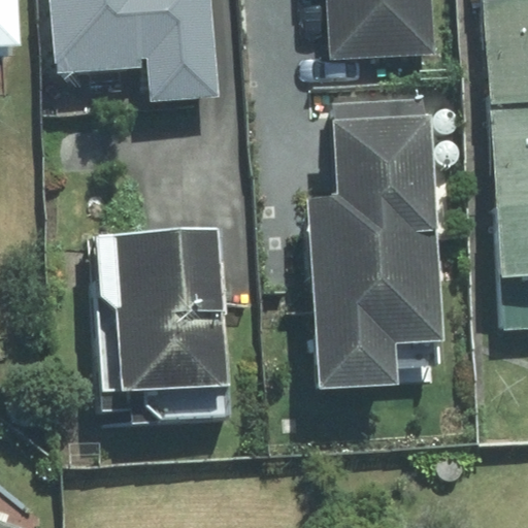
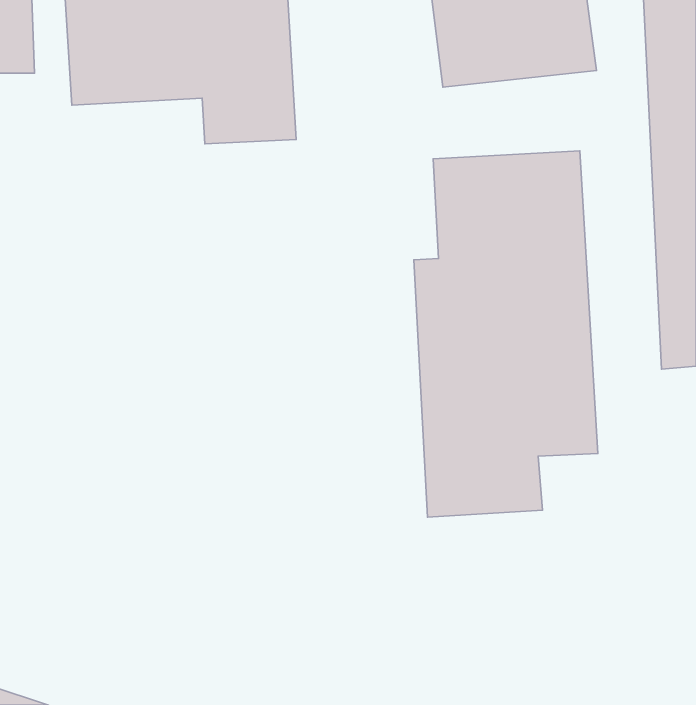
building: [108,220,236,393] -> none

